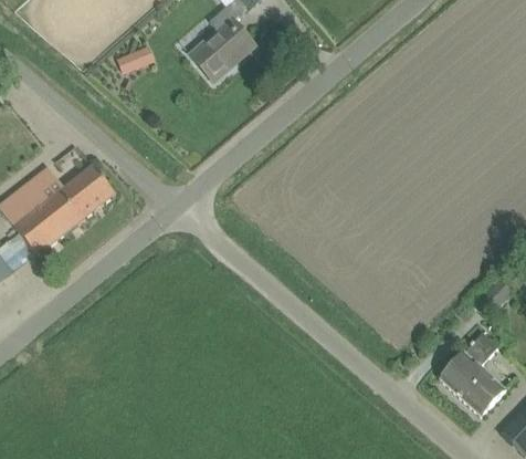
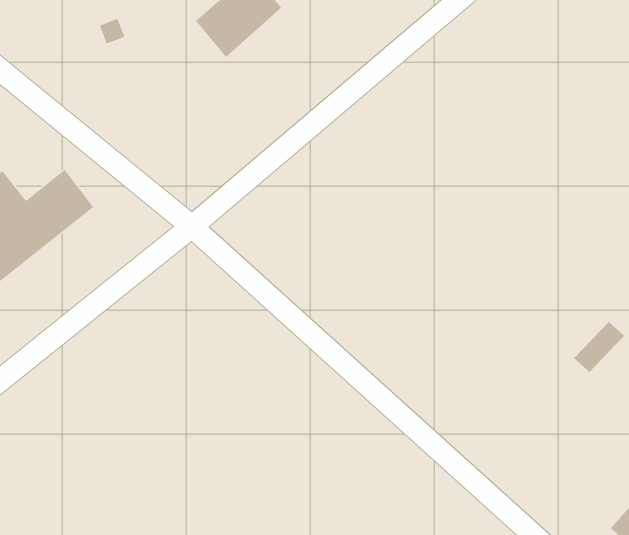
building: [439,334,505,417] -> none

